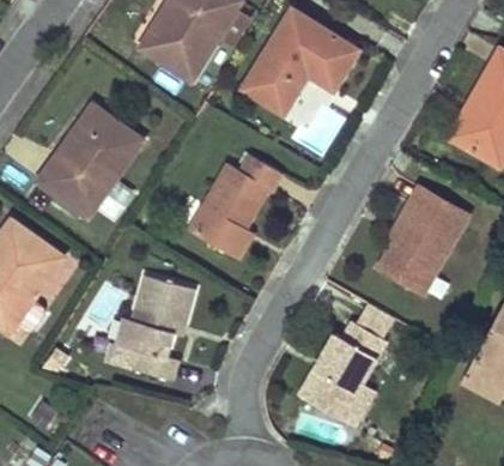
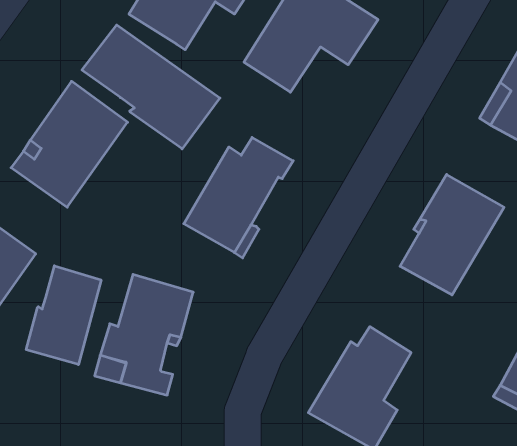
building: none -> [82,25,220,149]
building: none -> [26,266,101,365]

